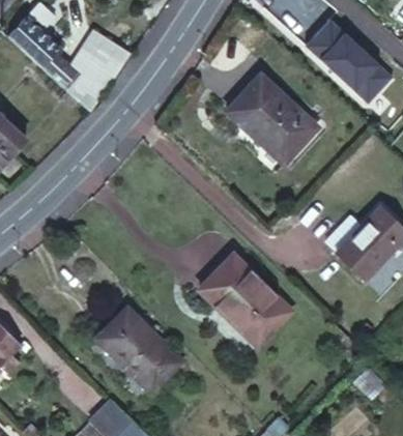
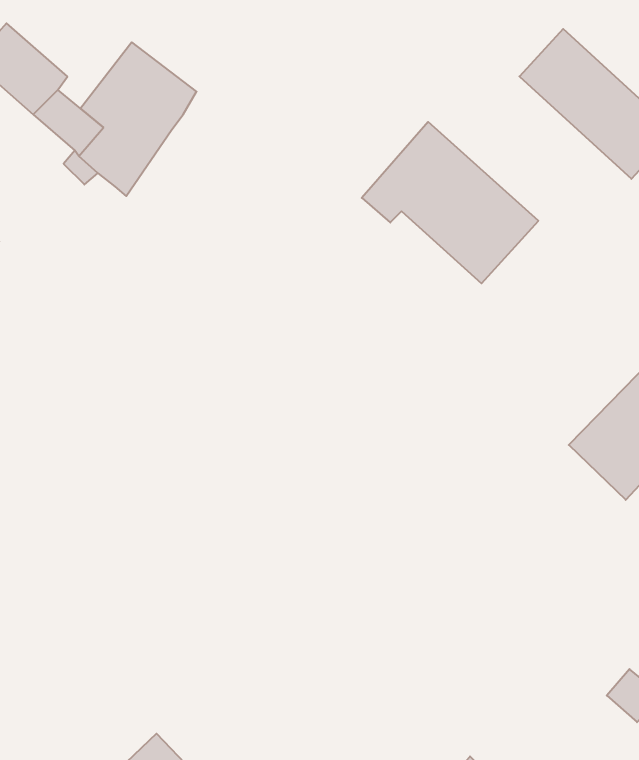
building: [201,254,293,345] -> none
building: [100,313,181,394] -> none

